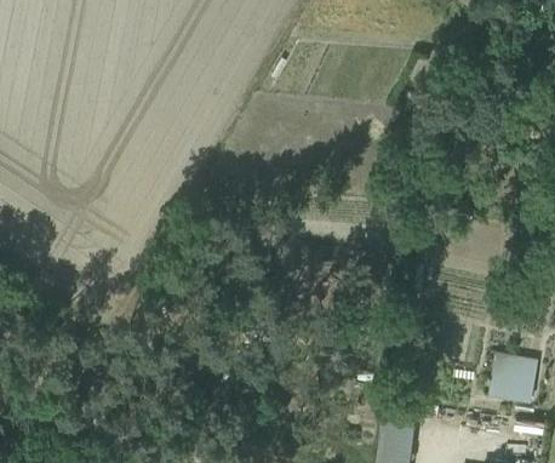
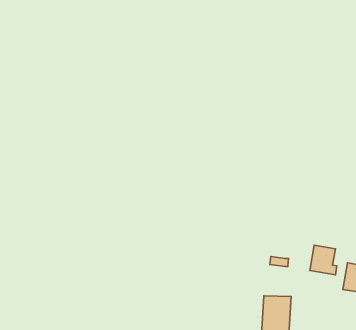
building: none -> [310,245,337,275]

